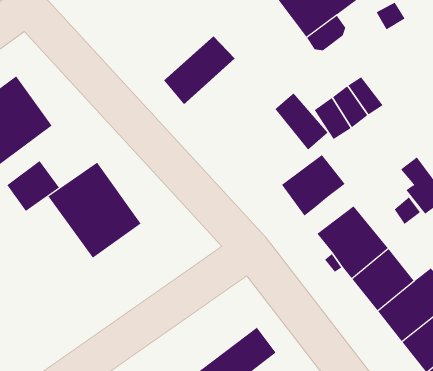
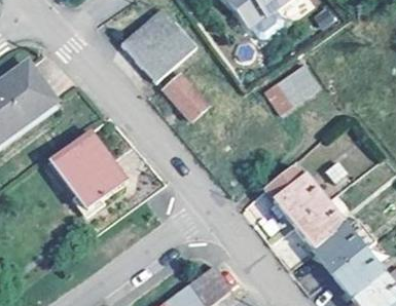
building: none -> [128,11,183,66]
building: [274,92,328,150] -> [170,76,213,122]
building: [281,154,346,216] -> none
building: [7,160,60,212] -> none

